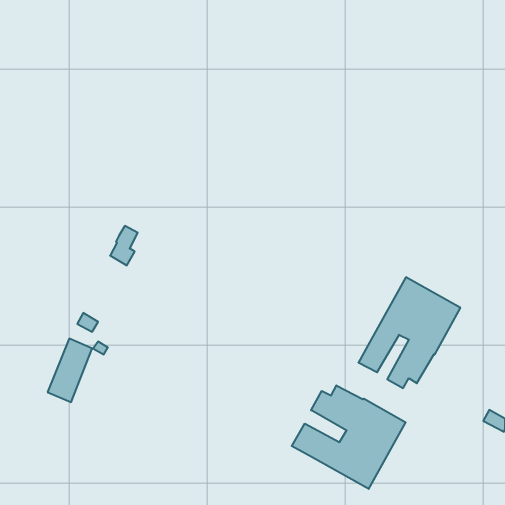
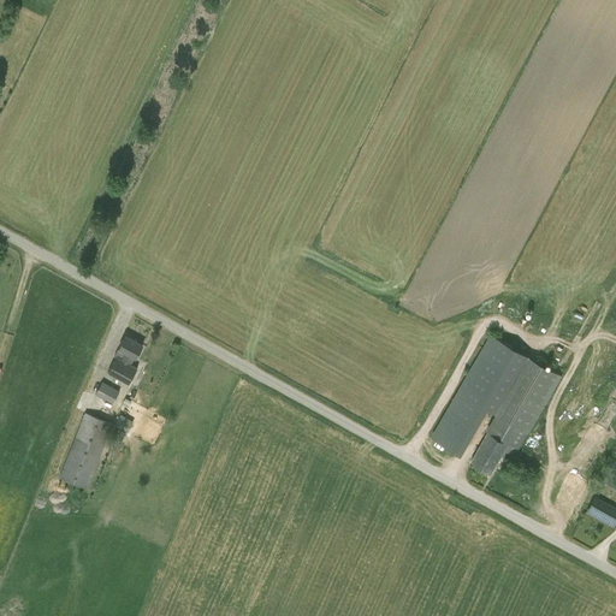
building: [110,226,138,265] -> [107,337,141,385]
building: [292,385,406,489] -> none

